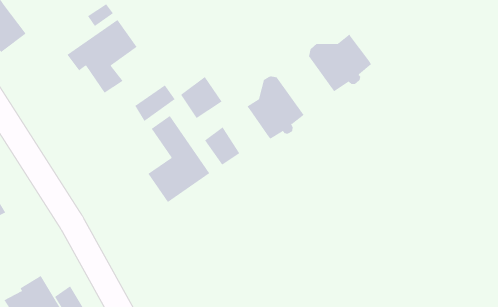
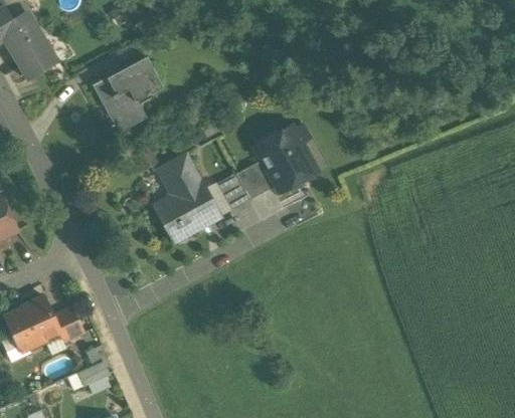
building: [308,34,372,92] -> none
building: [180,76,222,119] -> [235,159,276,199]
building: [134,85,175,121] -> none

